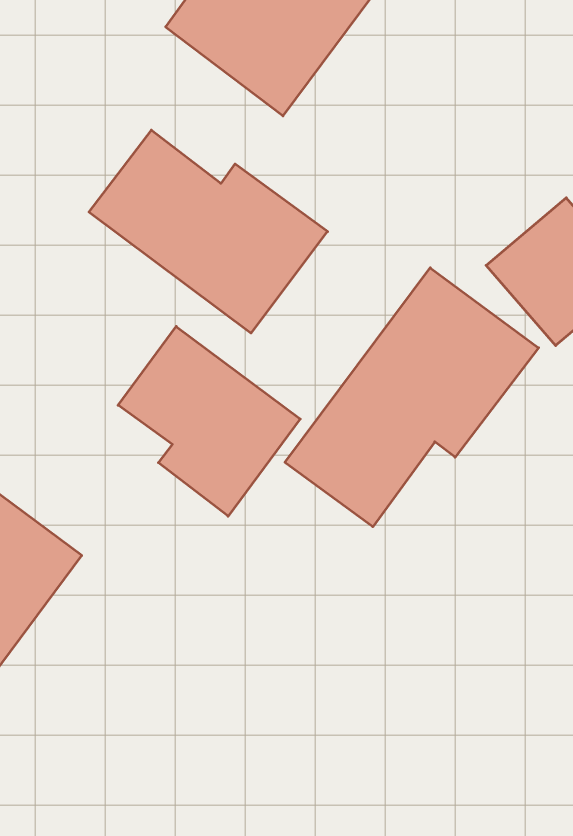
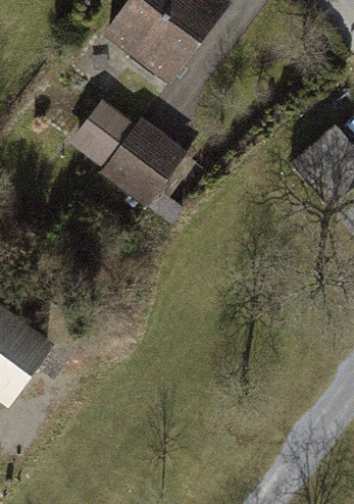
building: [285,268,539,527] -> none
building: [118,326,300,516] -> none

